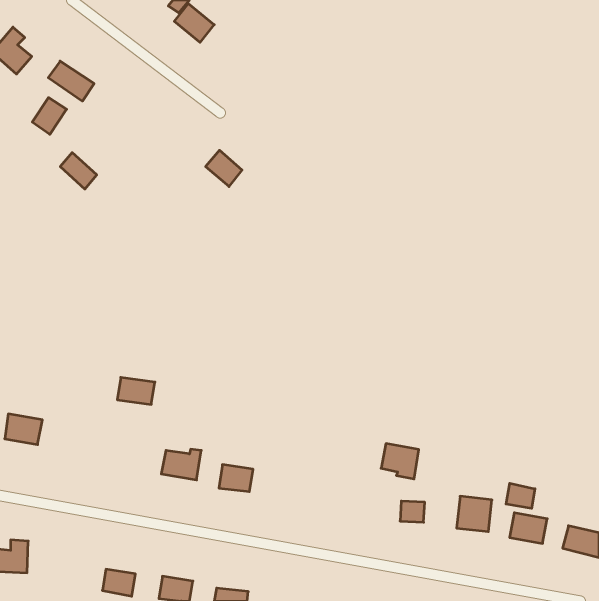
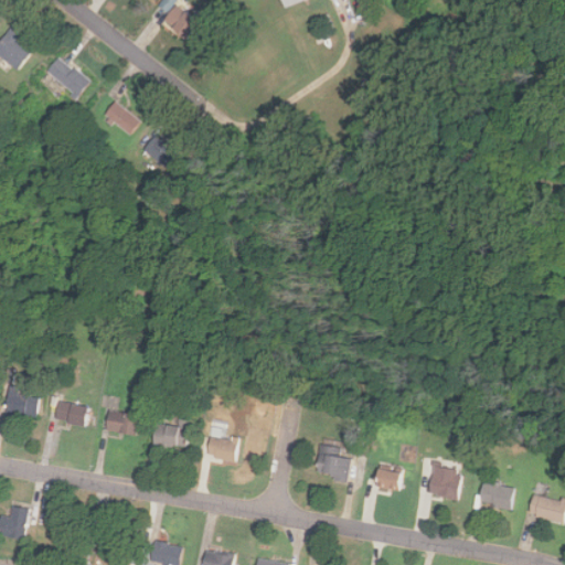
building: [32,98,67,134] -> none
building: [206,150,242,187] -> [142,134,177,168]
building: [60,153,97,189] -> [104,100,138,135]
building: [117,377,155,404] -> [104,411,139,436]
building: none -> [53,401,87,427]
building: [381,444,419,479] -> [318,449,353,482]
building: [506,483,535,508] -> none

